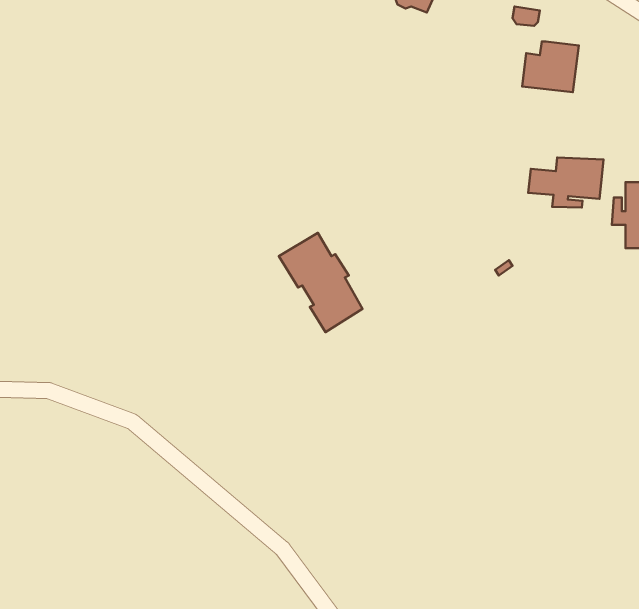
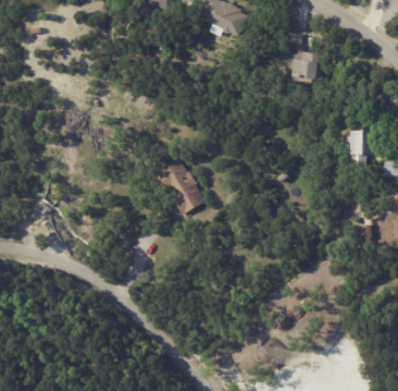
building: [528,157,604,208] -> none

